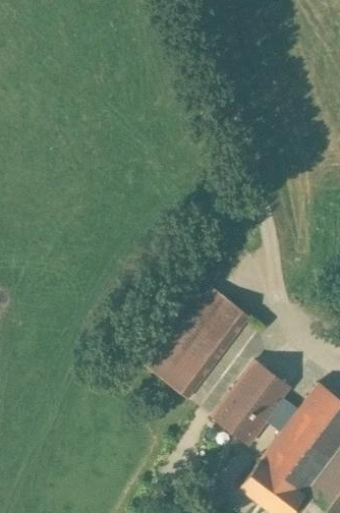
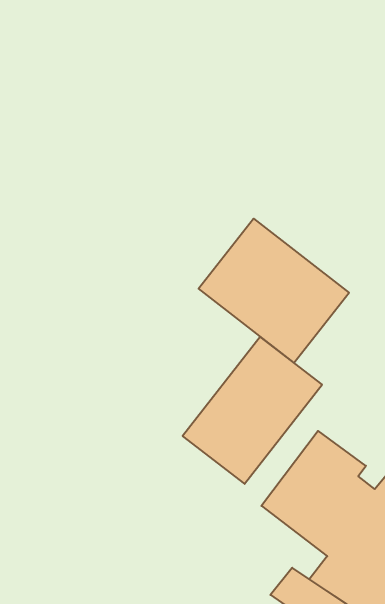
building: none -> [199,219,349,363]

